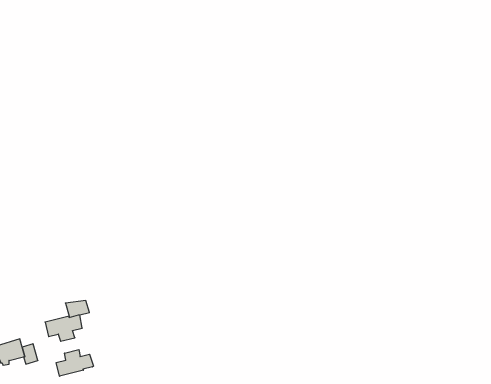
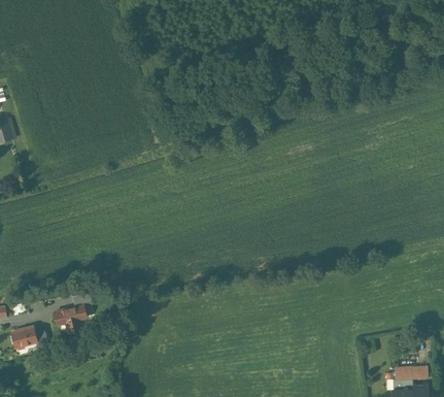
building: [56,350,93,376] -> none

